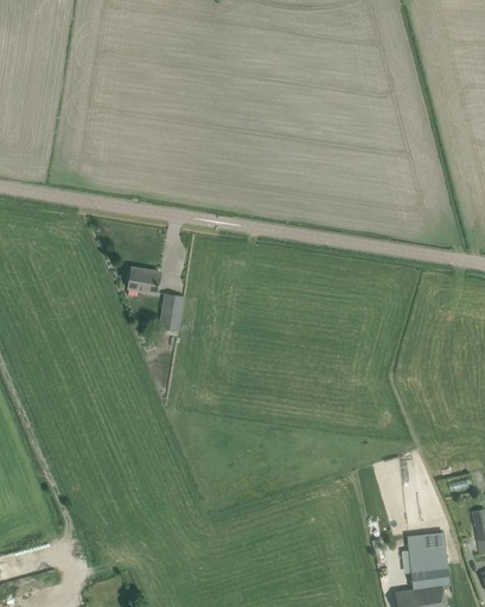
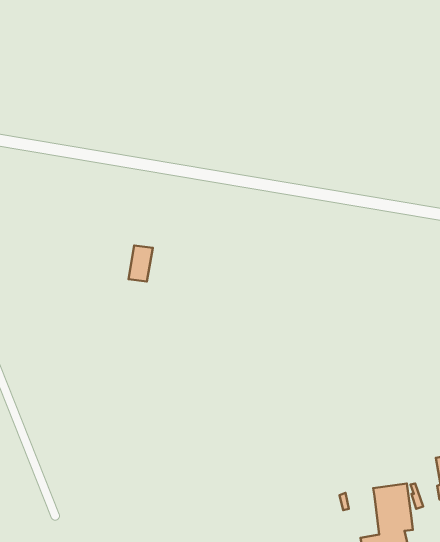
building: [128,268,159,293] -> none

